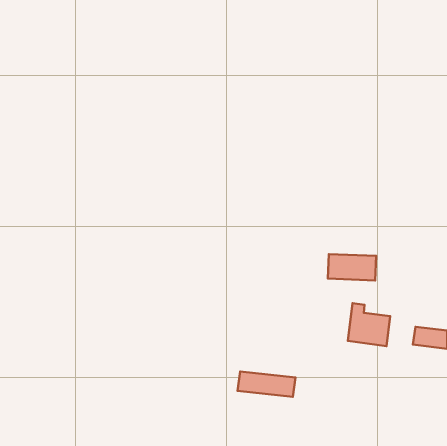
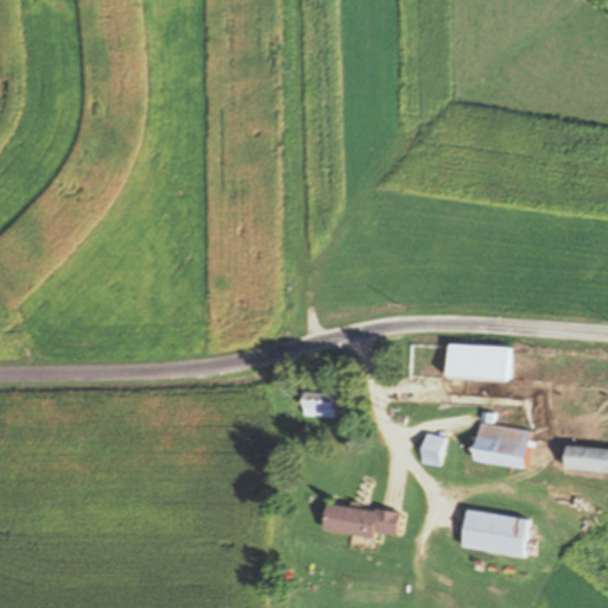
building: none -> [302,392,337,418]
building: none -> [418,432,448,468]
building: none -> [460,509,530,556]

